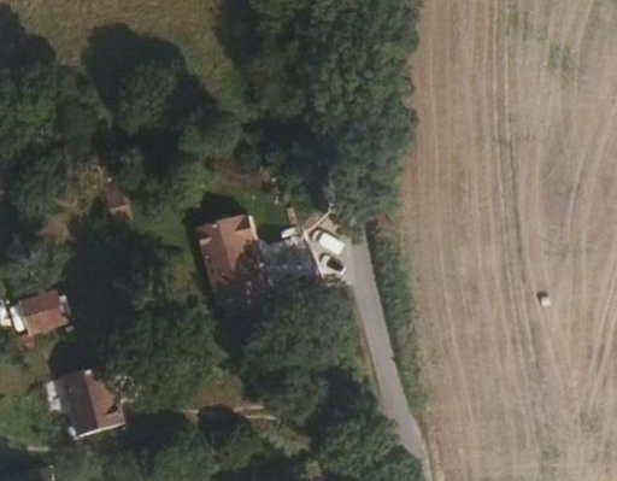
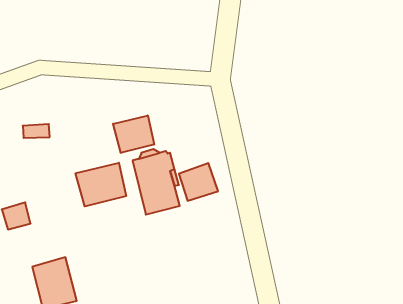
building: none -> [113,115,154,153]
building: none -> [76,163,126,206]

